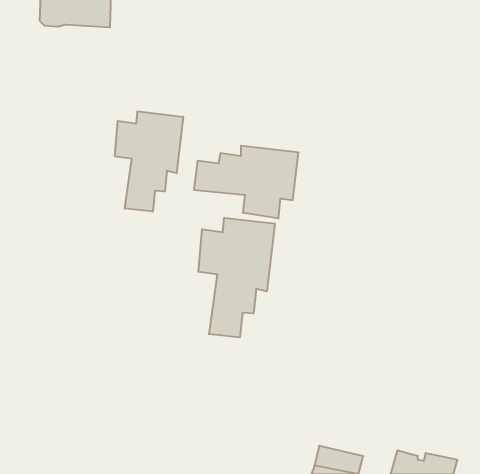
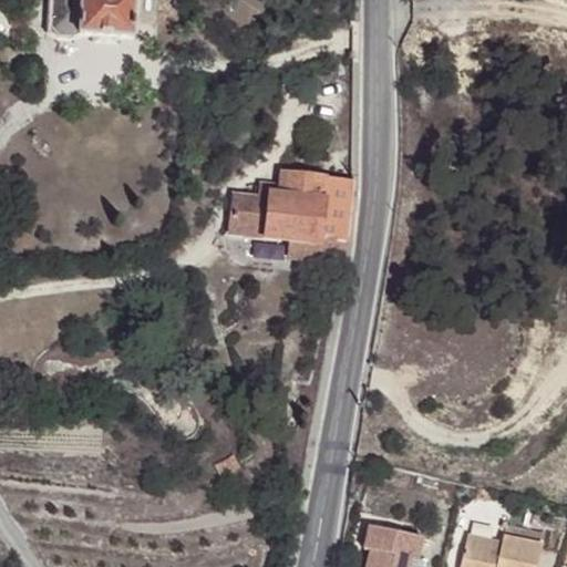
building: [115,111,183,212] -> none
building: [199,218,275,337] -> none

